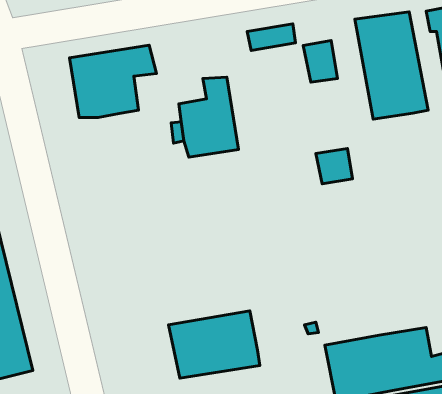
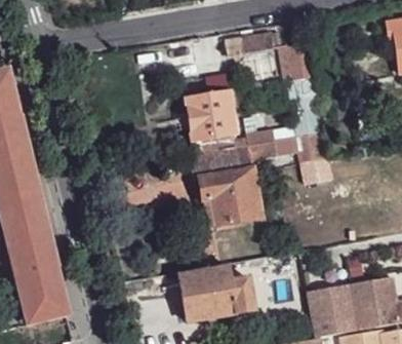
building: [355,12,428,119] -> none
building: [70,45,156,117] -> none
building: none -> [192,141,279,230]

